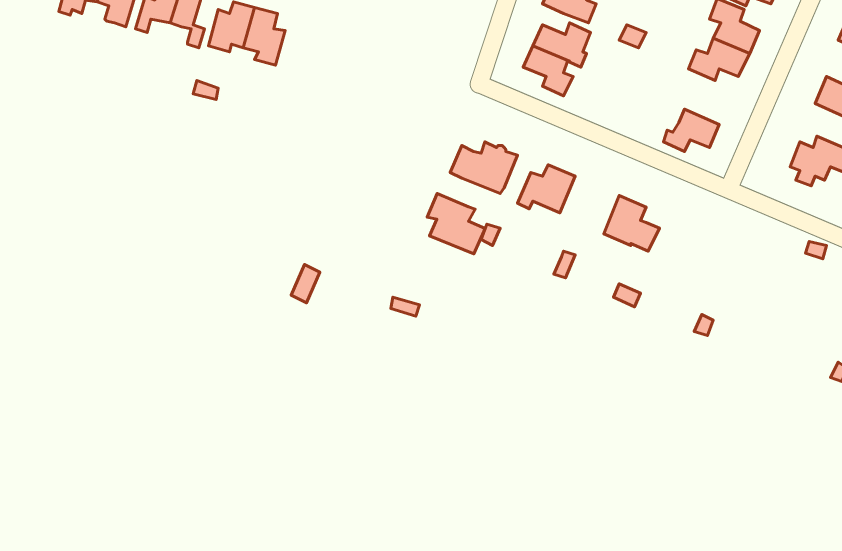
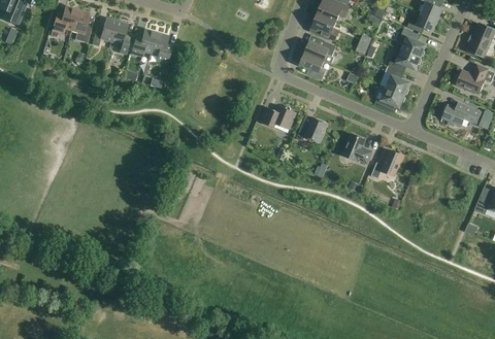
building: none -> [385,65,409,95]
building: [427,194,485,254] -> none
building: none -> [370,149,402,178]

